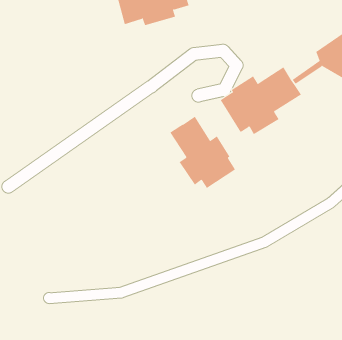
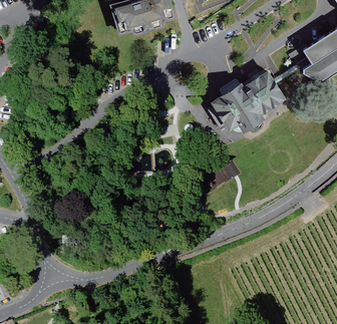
building: [169,116,236,189] -> none

